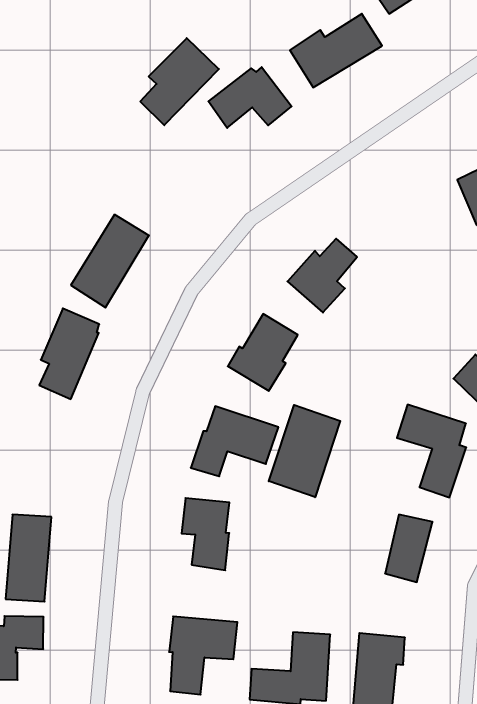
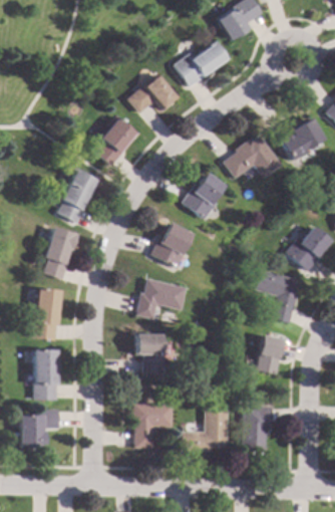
building: [140,38,219,125] -> [100,112,145,165]
building: none -> [228,135,286,178]
building: [269,405,340,497] -> none
building: none -> [32,286,61,339]

